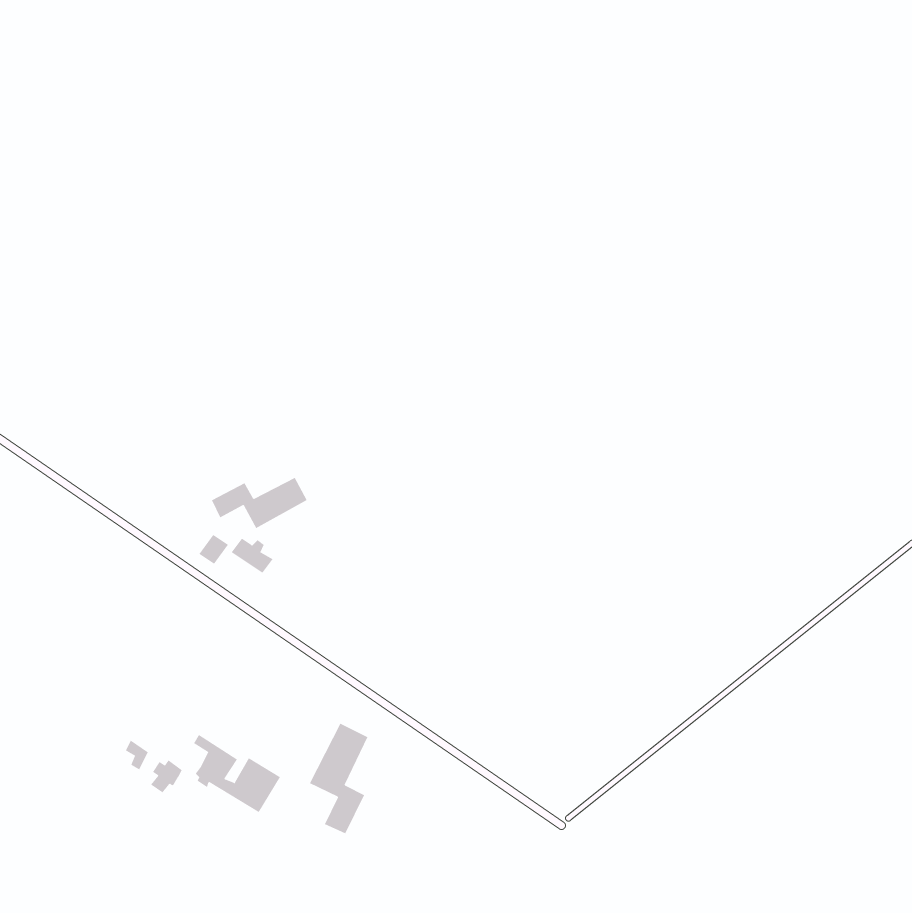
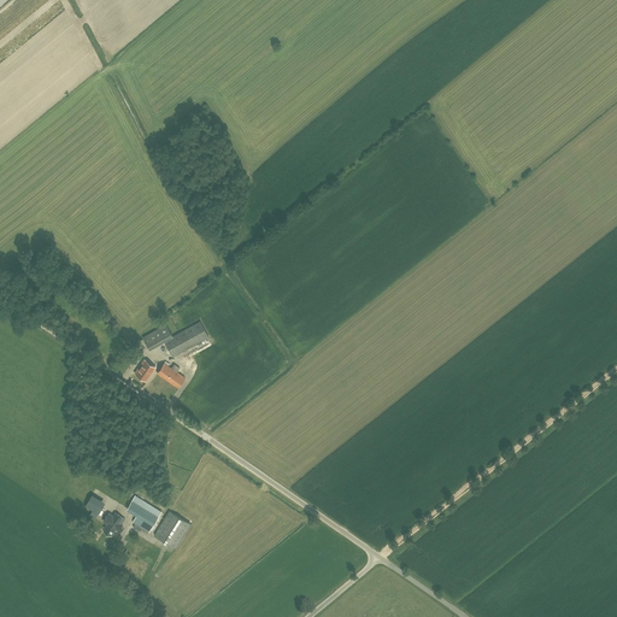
building: [309,723,368,834] -> none

